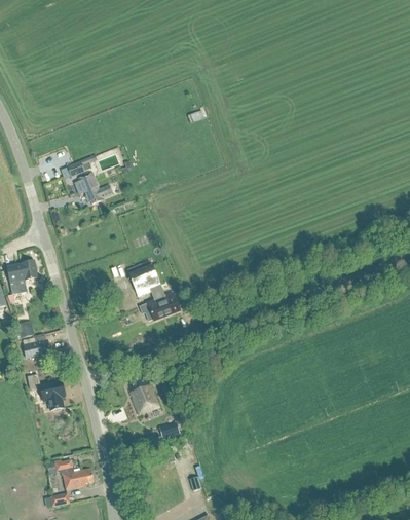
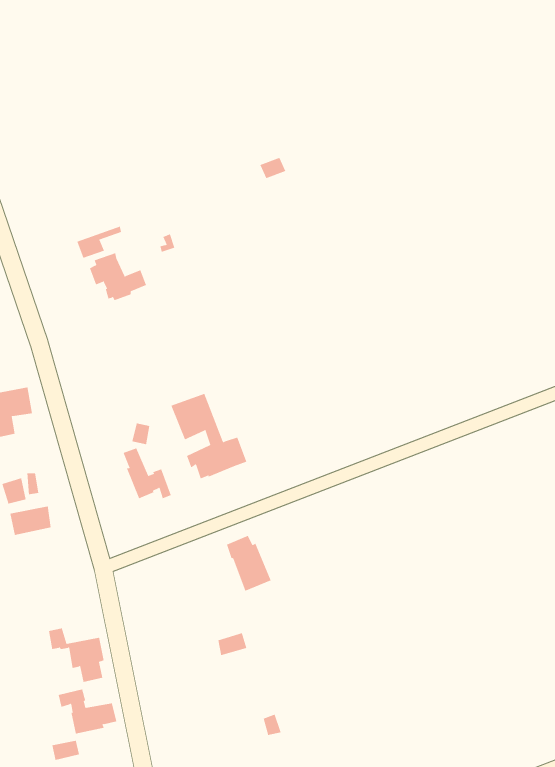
building: none -> [123,447,172,499]
building: [28,375,65,411] -> [48,628,105,682]
building: [128,376,158,413] -> [226,535,272,591]

